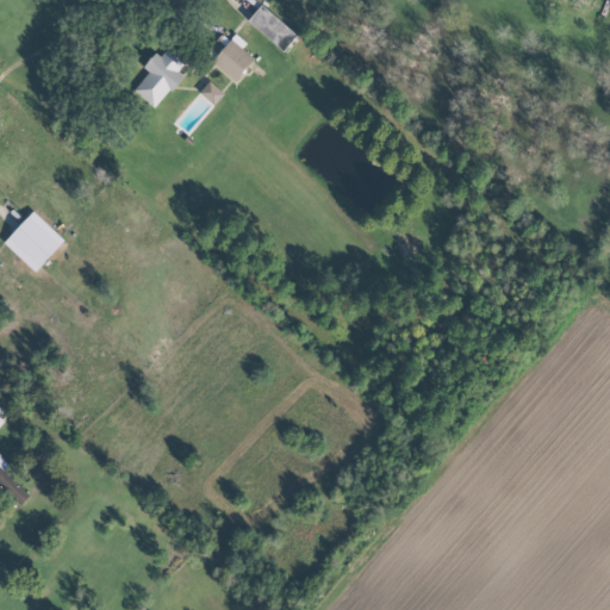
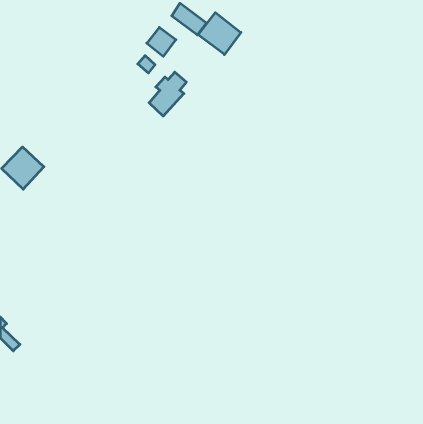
building: none -> [198,13,241,55]
building: [133,45,187,108] -> [149,72,186,116]

